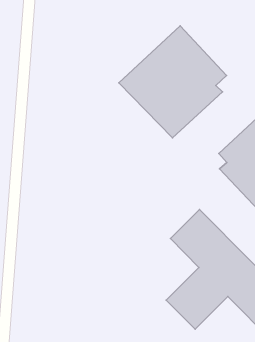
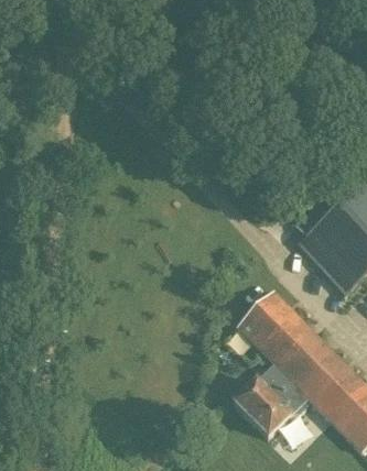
building: [119,26,226,138] -> none

